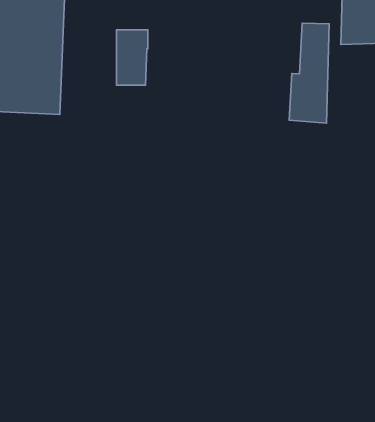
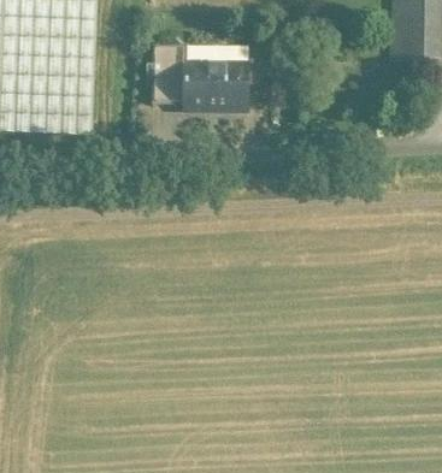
building: [289,23,329,123] -> none
building: none -> [183,45,247,108]

